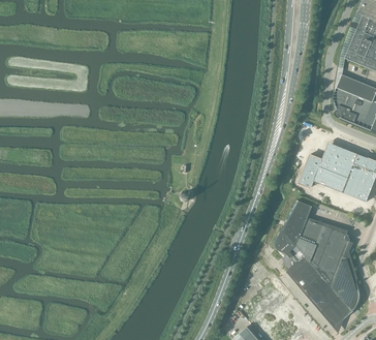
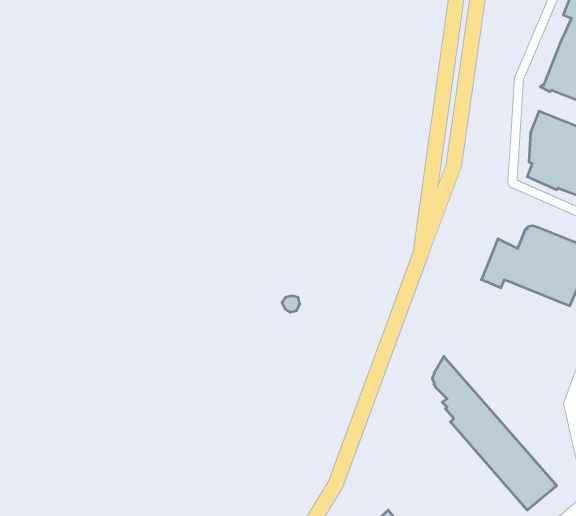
building: [282,200,359,310] -> none

